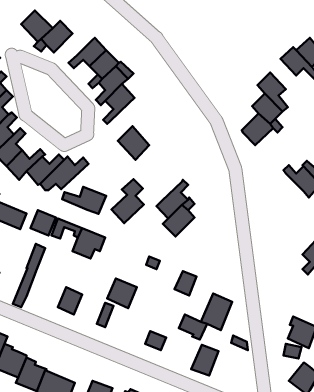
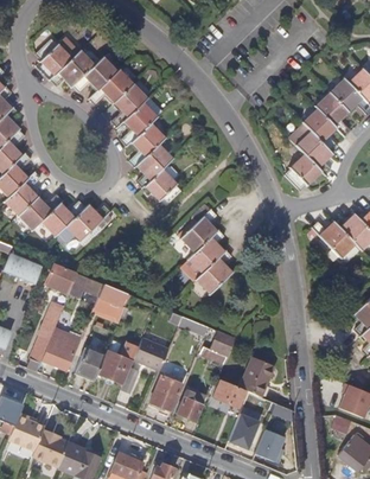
building: none -> [74,56,117,92]
building: none -> [317,92,351,136]
building: none -> [136,142,173,187]
building: none -> [311,221,356,257]
building: [111,179,144,223] -> [181,203,218,253]
building: [62,187,106,214] -> none
building: none -> [43,330,82,372]
building: none -> [101,343,140,385]
building: none -> [148,382,178,415]
building: none -> [257,427,288,460]

